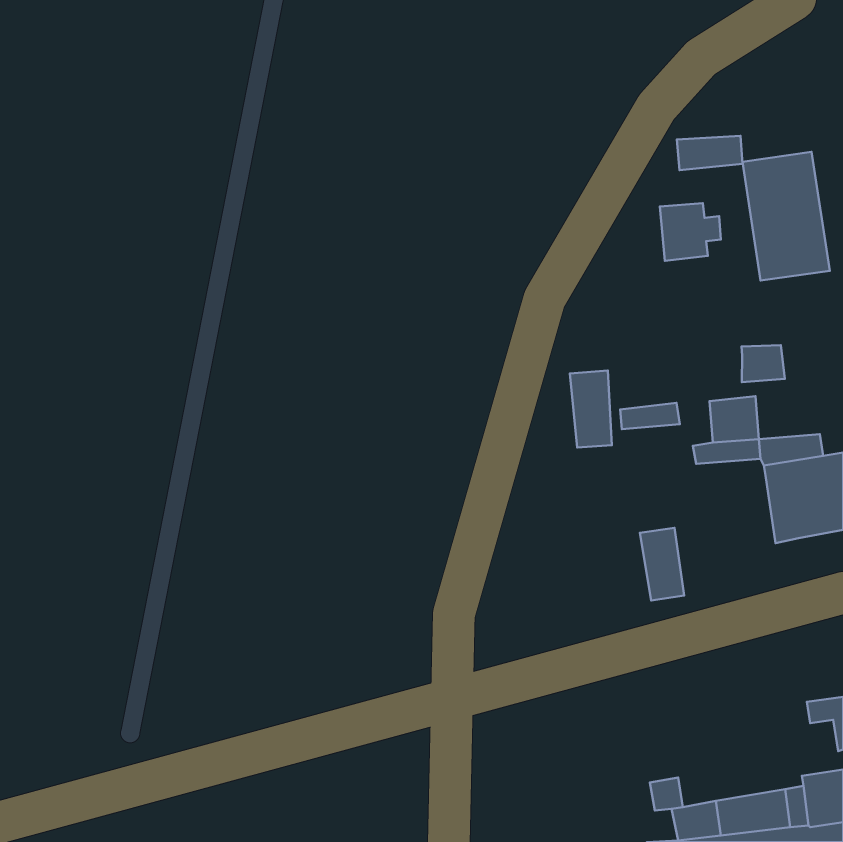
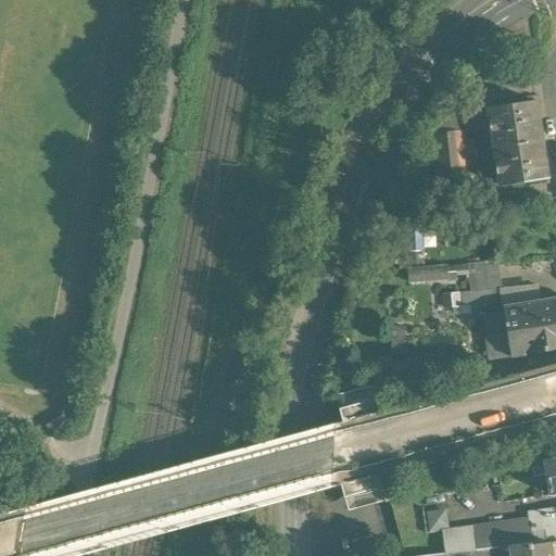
building: [677,136,743,170] -> none
building: [741,345,785,382] -> none
building: [570,370,612,448] -> none
building: [640,528,684,600] -> [481,313,510,361]

